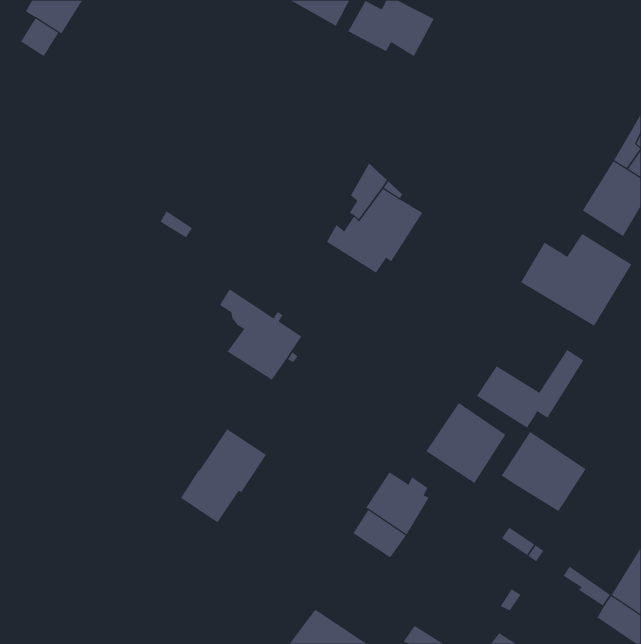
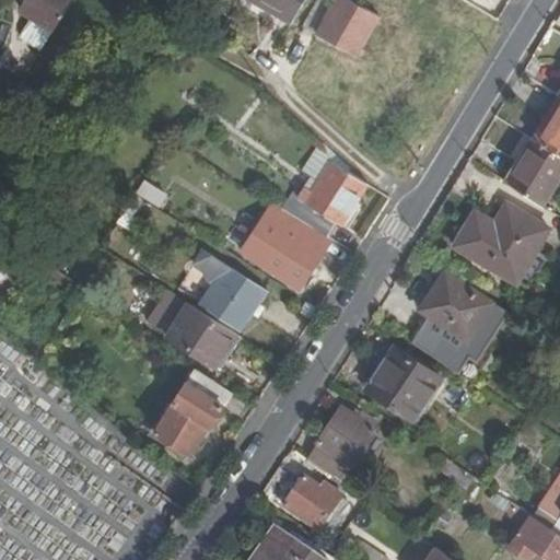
building: none -> [244,205,331,291]
building: none -> [149,292,235,366]
building: [501,431,587,512] -> [418,270,492,340]
building: none -> [283,478,341,529]

